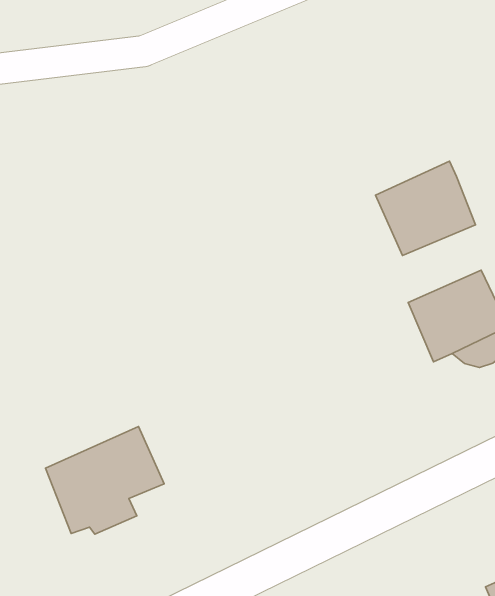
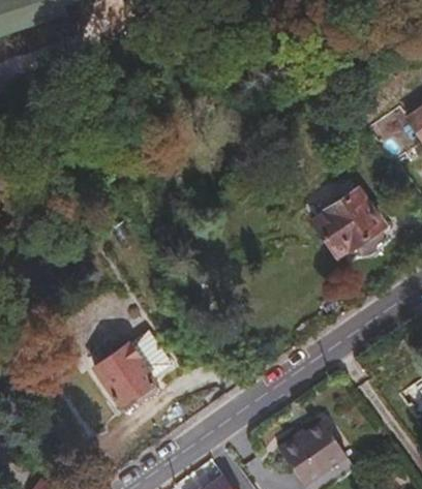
building: [375,161,475,256] -> none

